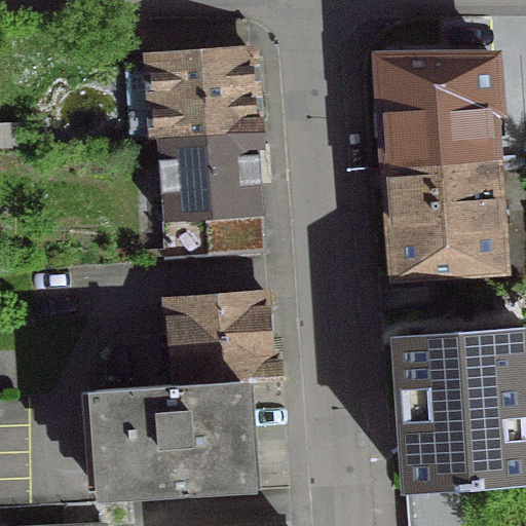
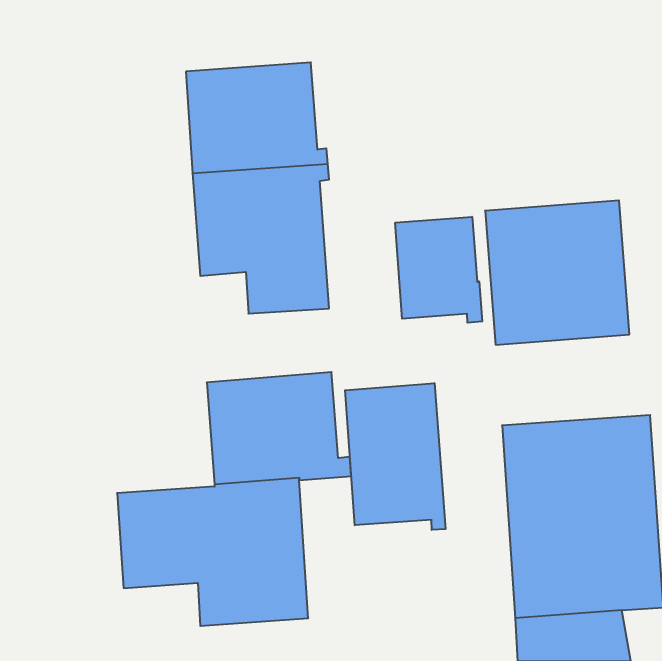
building: [379,57,494,166] -> none
building: none -> [395,217,482,323]
building: none -> [345,383,446,530]

